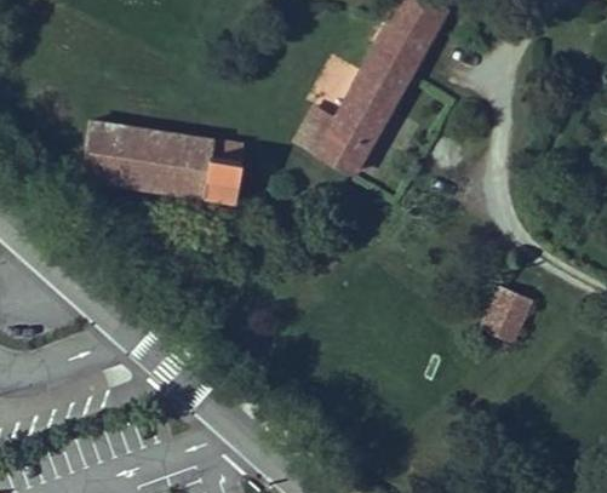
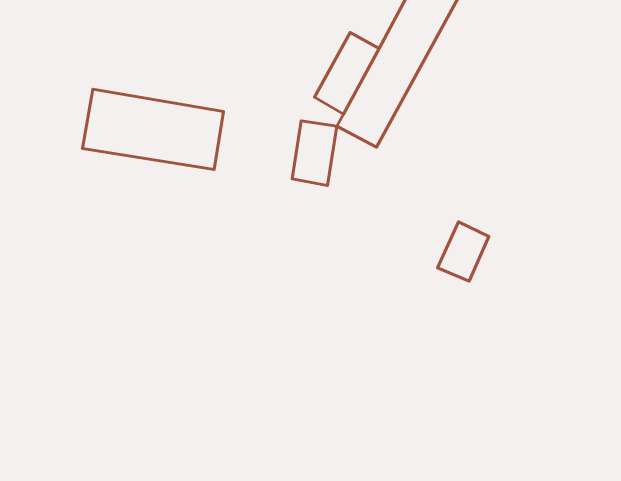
building: [206,143,247,202] -> [292,121,337,185]
building: [485,290,532,344] -> [437,222,489,281]

